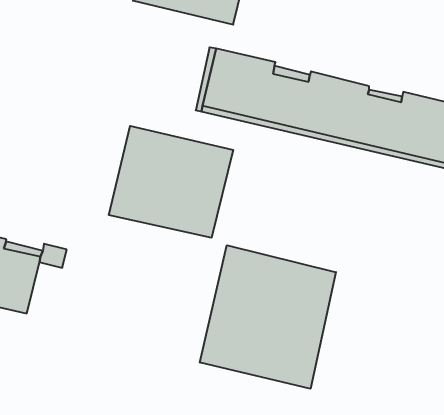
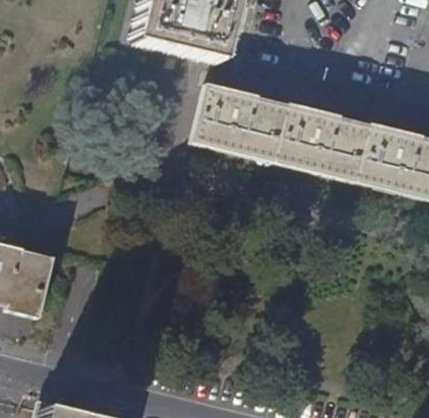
building: [109,126,233,238] -> none
building: [200,245,336,389] -> none

